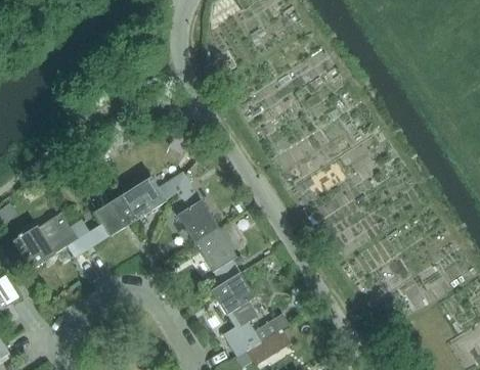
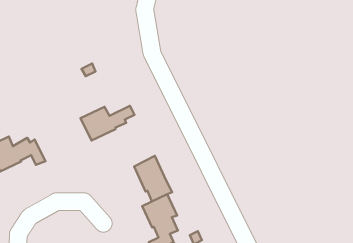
building: [177,180,219,243] -> none
building: [70,192,139,249] -> none

